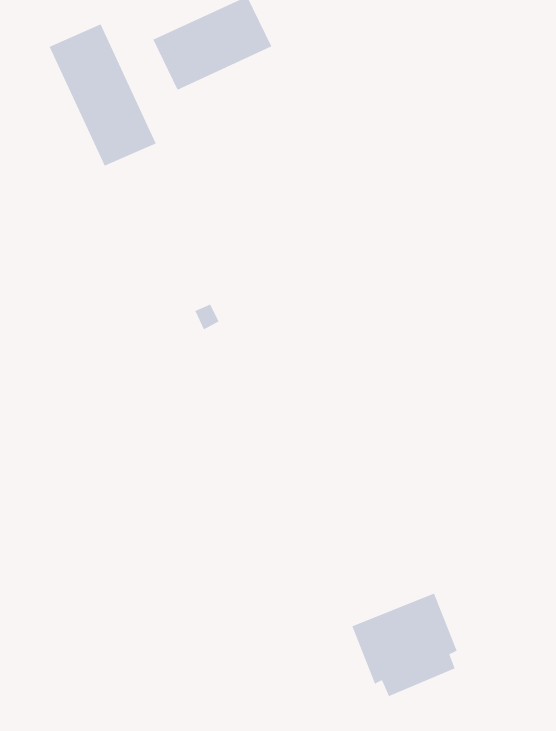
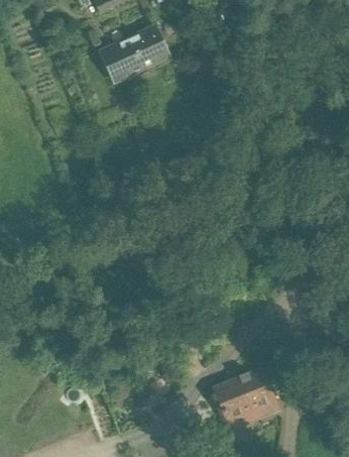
building: [49,24,156,166] -> none

